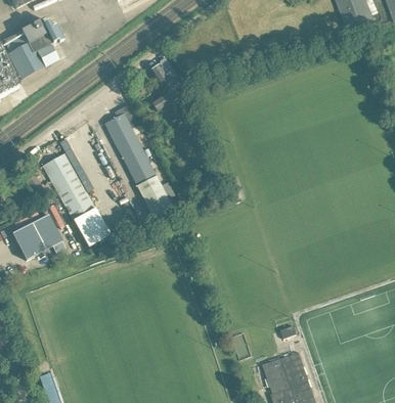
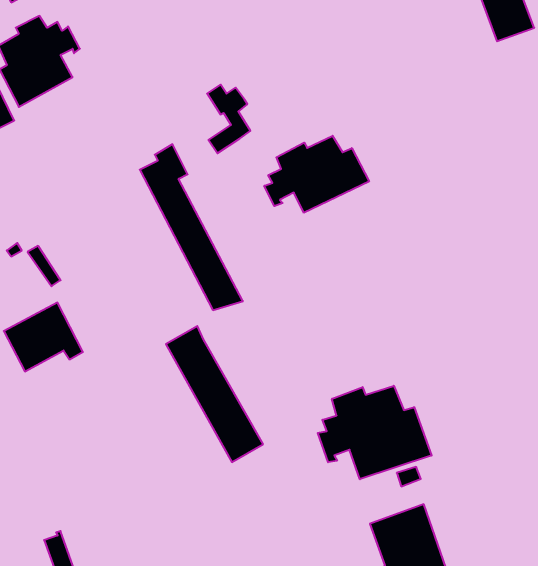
building: none -> [264,136,369,213]
building: [43,152,109,245] -> [166,326,263,462]
building: none -> [318,386,432,479]

